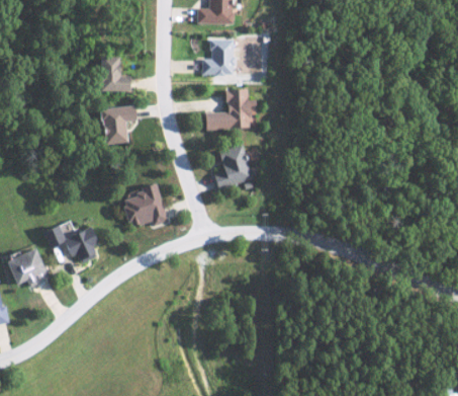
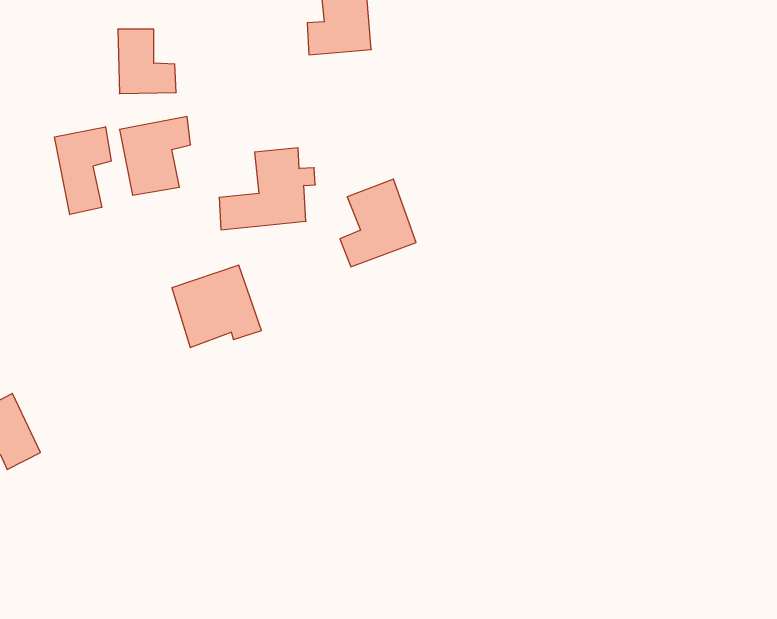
building: [206,88,258,130] -> [219,148,315,230]
building: none -> [55,127,111,215]
building: [44,221,99,263] -> none

